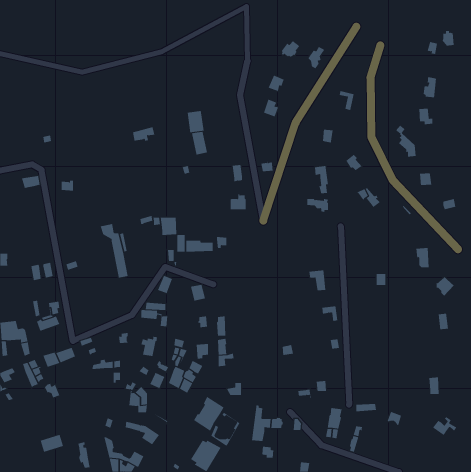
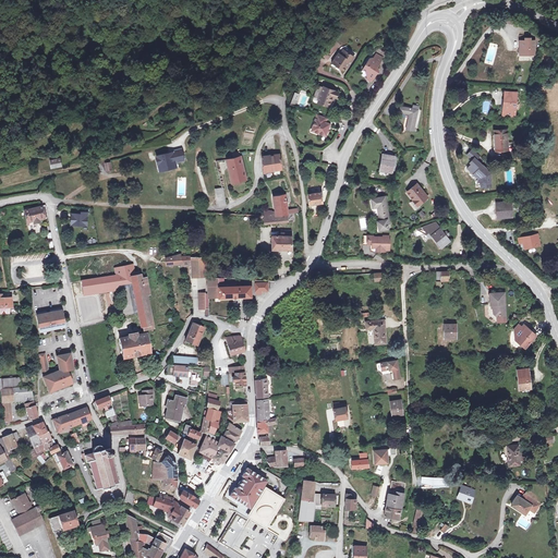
building: [187,111,204,133] -> [262,153,282,179]
building: none -> [80,275,131,296]
building: none -> [119,335,150,360]
building: none -> [83,449,118,493]
building: none -> [253,488,279,518]
building: none -> [10,495,43,537]

